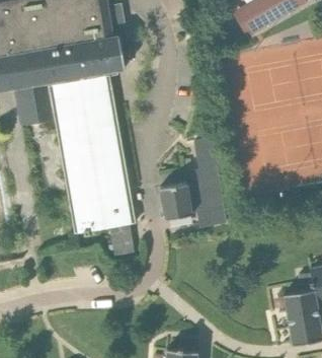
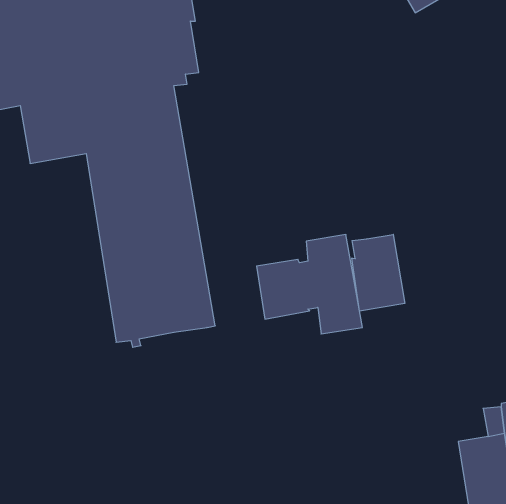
building: none -> [352,234,405,311]
building: [109,223,134,256] -> none

